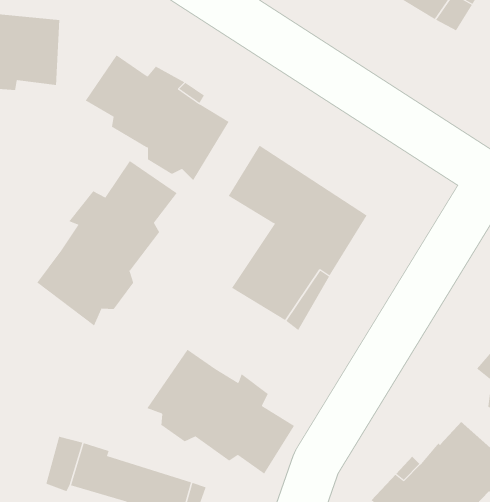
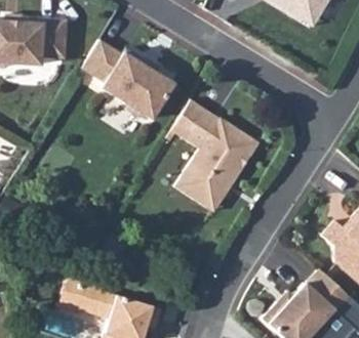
building: [37,160,178,326] -> none
building: [146,349,295,475] -> none

